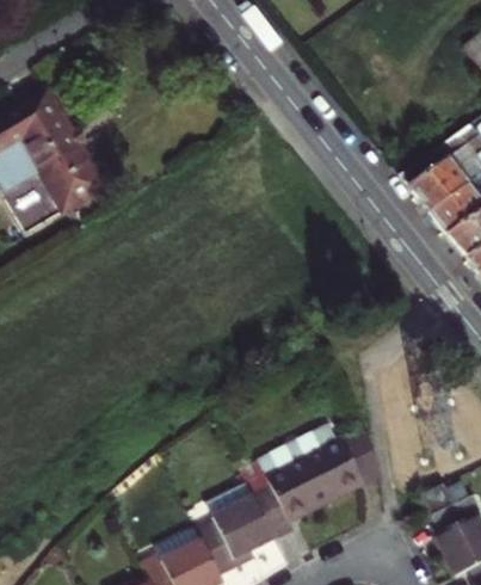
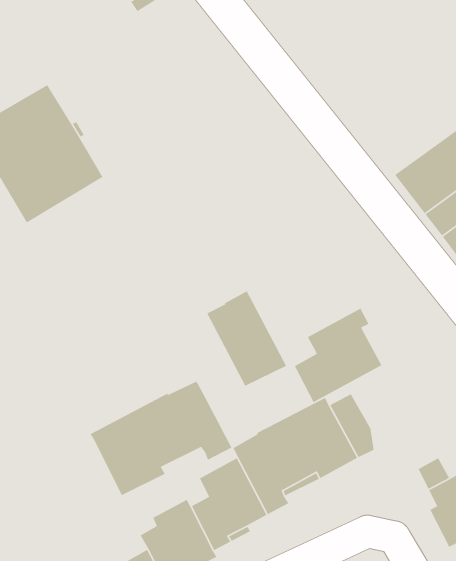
building: none -> [206,290,287,387]
building: none -> [294,307,382,403]
building: none -> [89,380,233,496]

